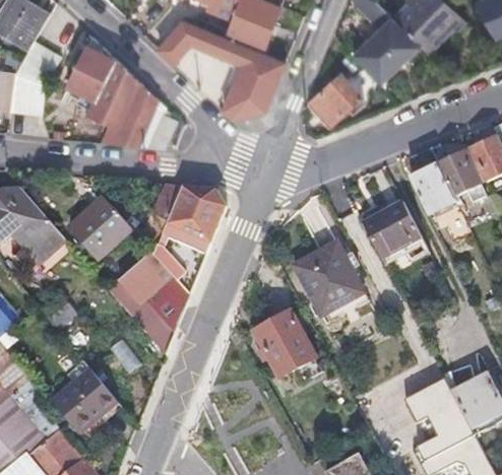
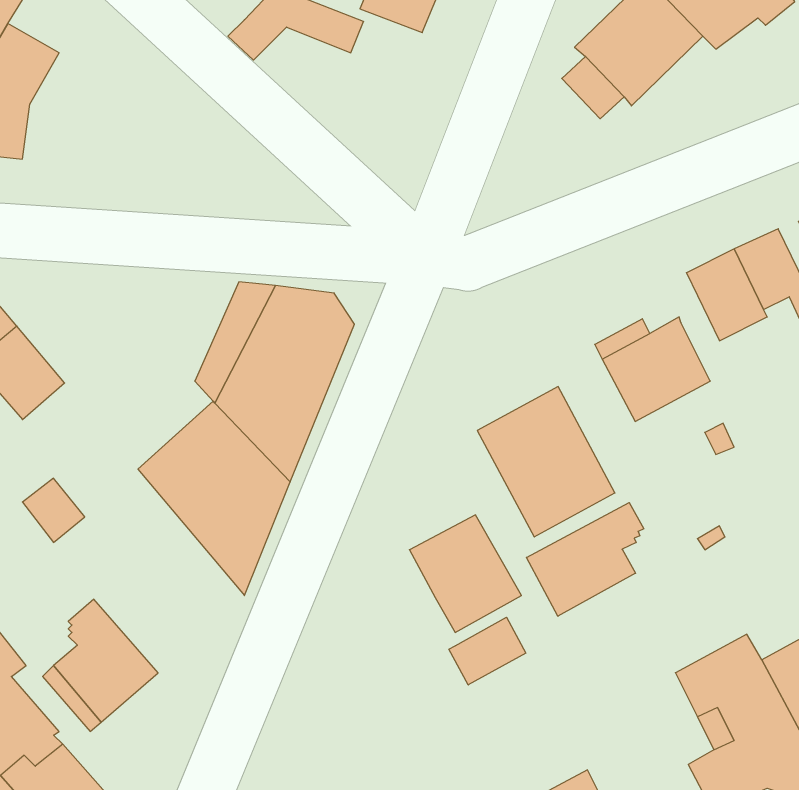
building: [72,40,180,147] -> none
building: [206,41,285,117] -> none
building: [305,77,359,131] -> none
building: [59,194,122,256] -> none
building: none -> [526,503,644,616]
building: none -> [449,617,526,685]

